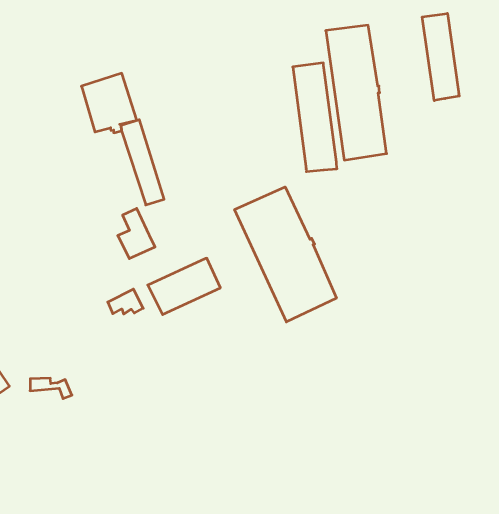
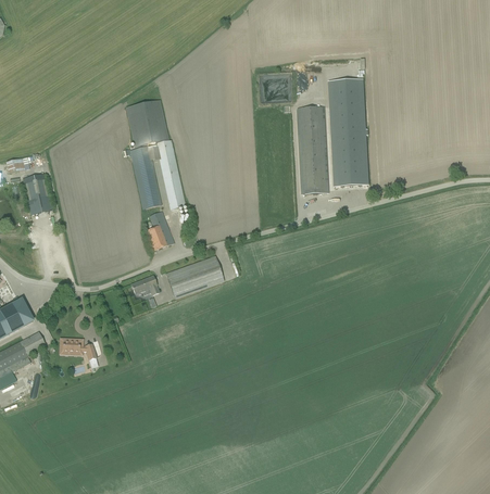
building: [422,13,459,101] -> none
building: none -> [131,144,162,207]
building: [235,187,336,322] -> none

